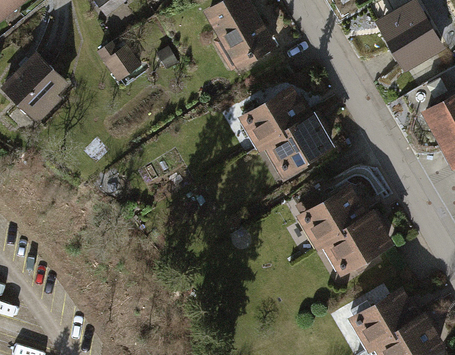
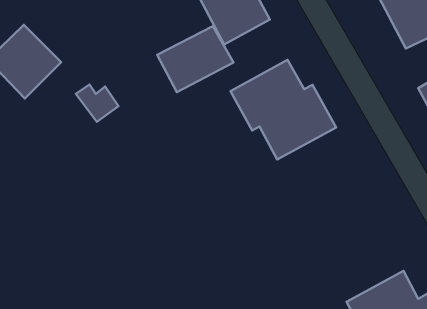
building: [99,45,140,81] -> [76,84,118,122]
building: none -> [157,26,233,92]
building: [296,180,395,270] -> none

